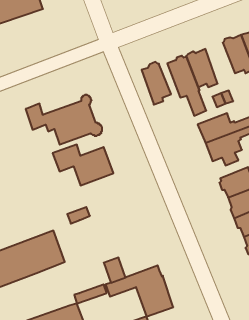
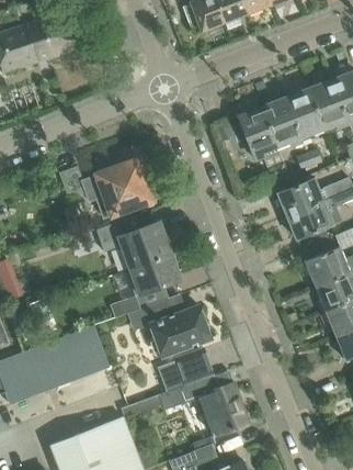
building: [142,62,171,105] -> [286,88,323,142]
building: none -> [128,255,180,295]
building: none -> [145,299,210,357]
building: none -> [175,348,213,387]

